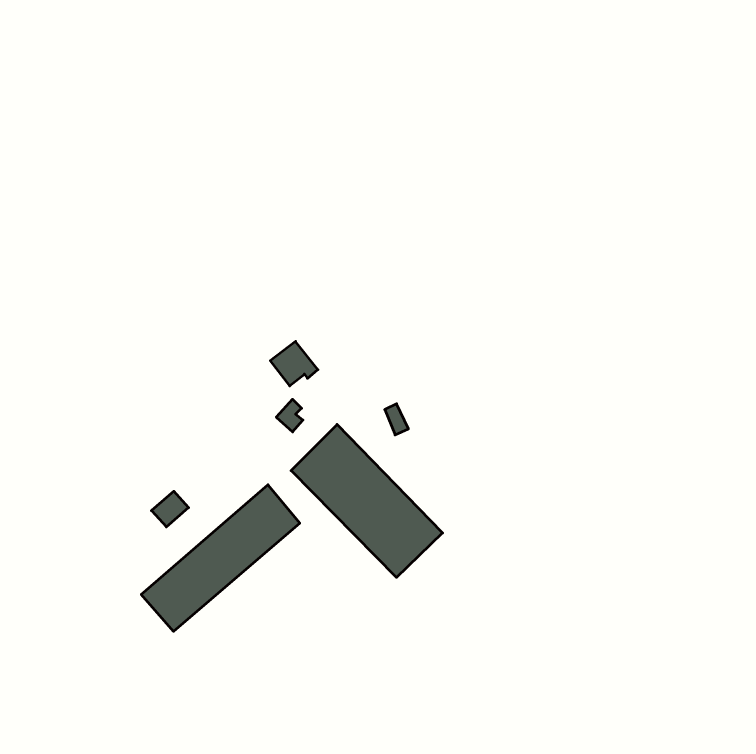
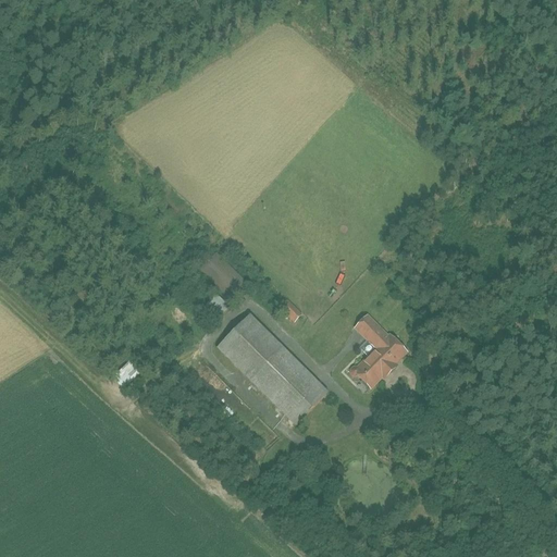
building: none -> [349,310,408,388]
building: [141,485,300,631] -> none

